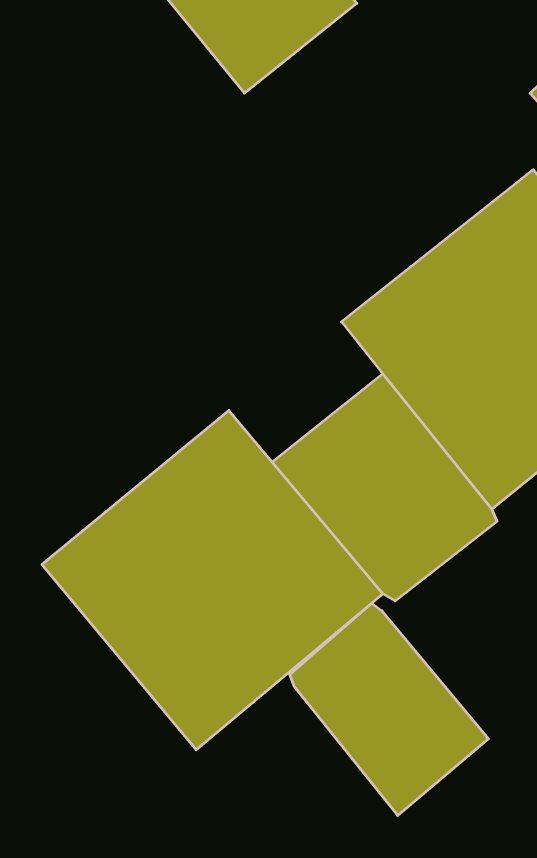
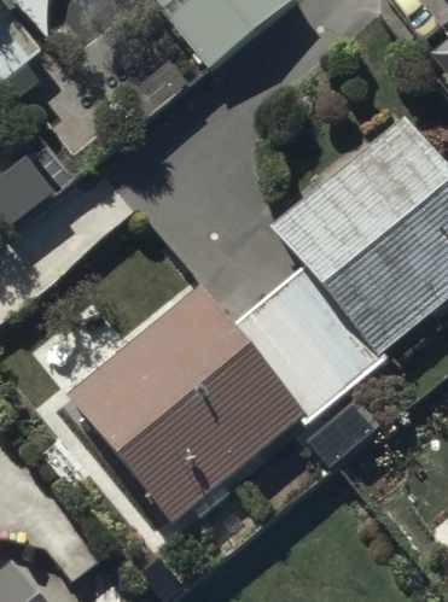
building: [290,603,488,816] -> none

